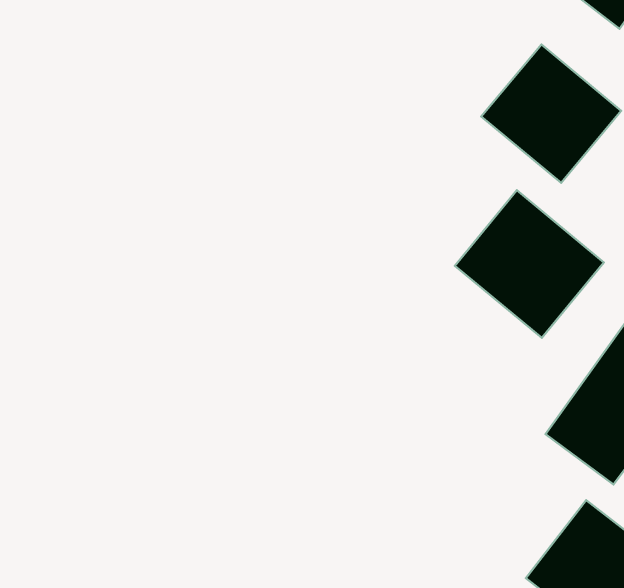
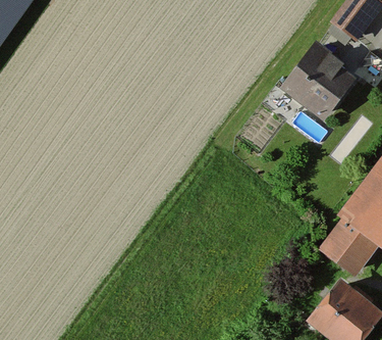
building: [455,190,604,338] -> none

